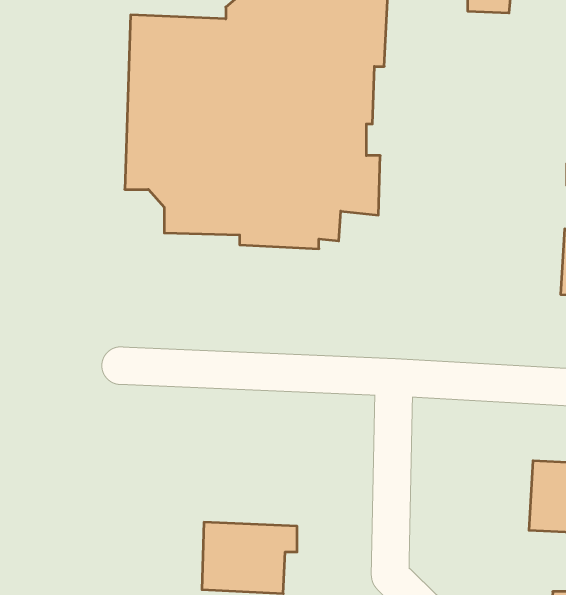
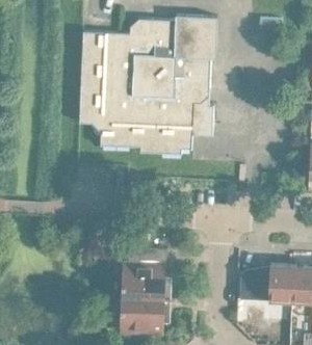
building: none -> [121,248,171,299]
building: none -> [256,264,293,301]

